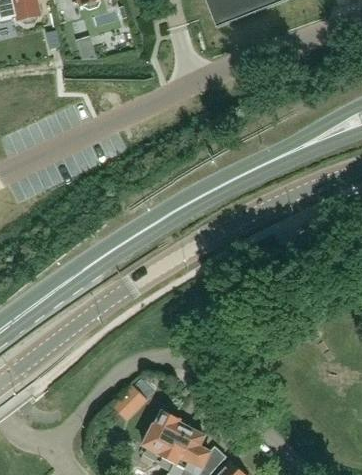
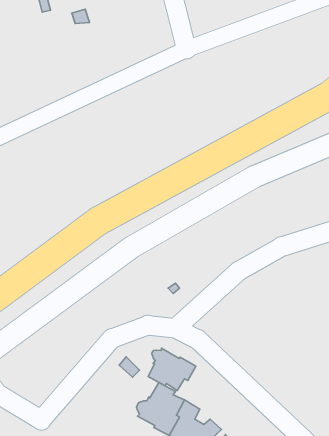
building: none -> [148,348,196,390]

